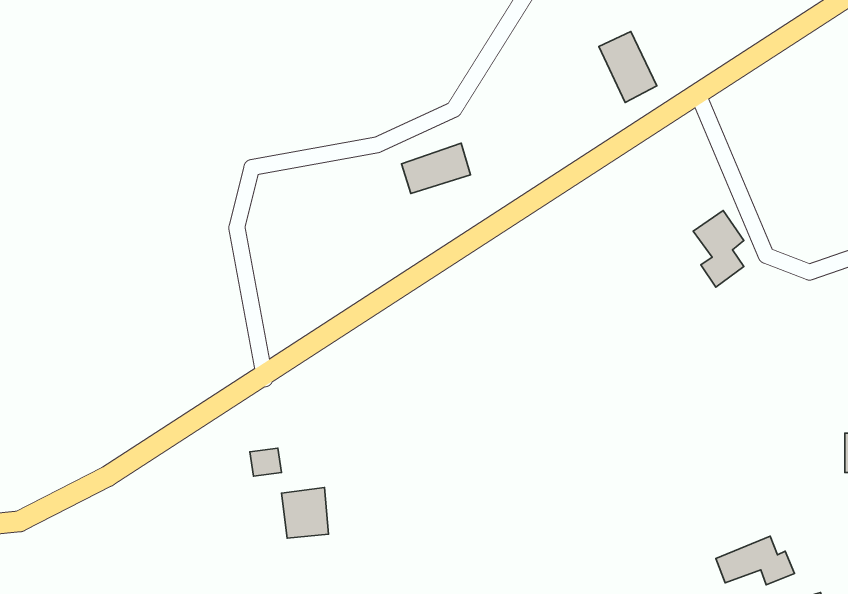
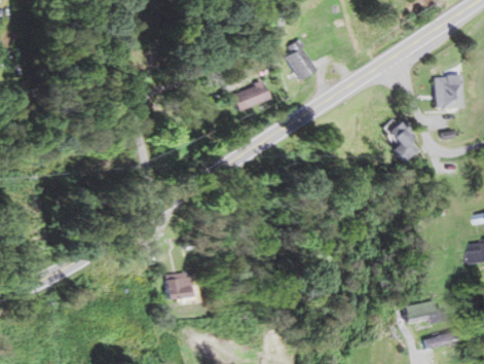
building: [599,32,657,103] -> [284,41,315,80]
building: none -> [435,75,460,109]

